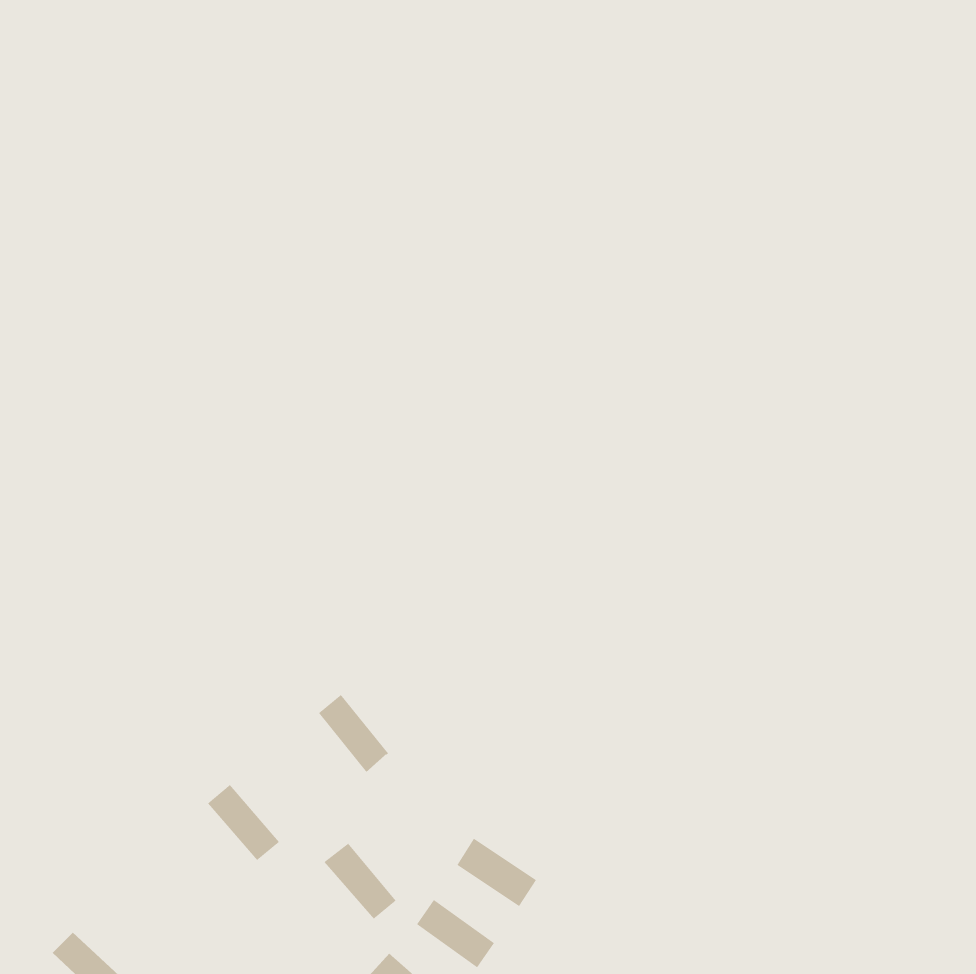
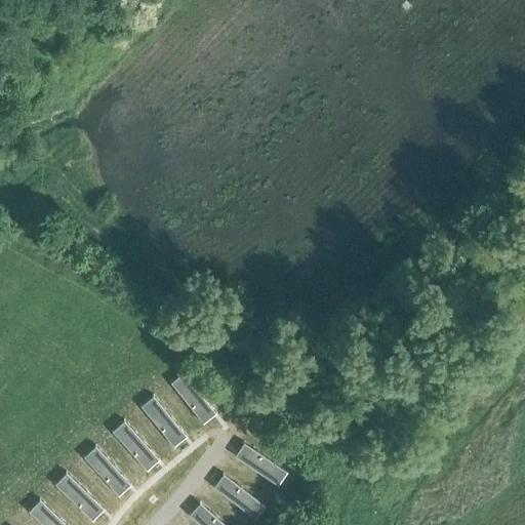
building: none -> [85,447,124,489]
building: [323,843,396,920] -> [142,398,180,439]
building: none -> [56,474,96,515]

